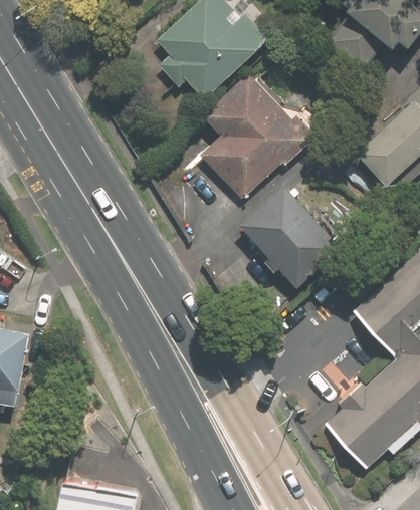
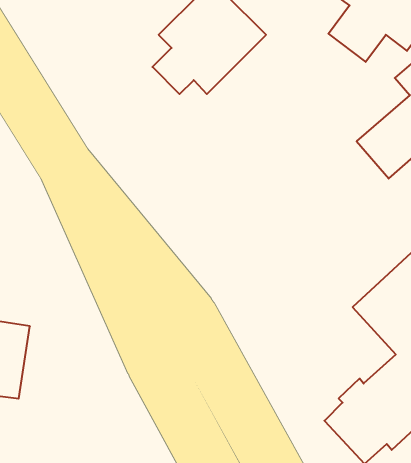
building: [200,72,320,201] -> none
building: [242,182,344,286] -> none

